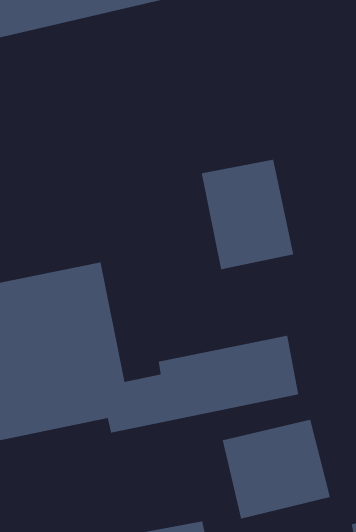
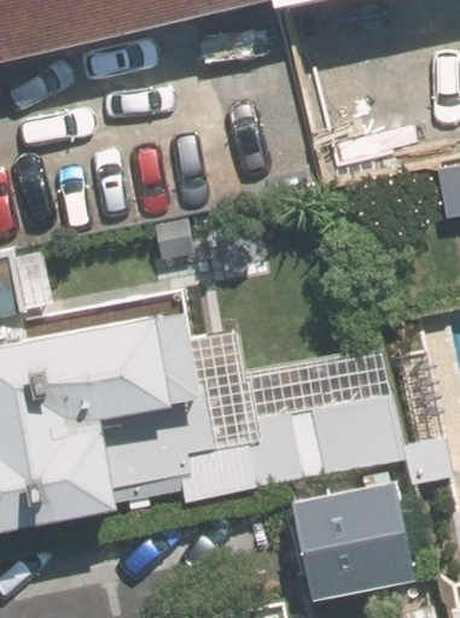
building: [201,159,294,270] -> none

